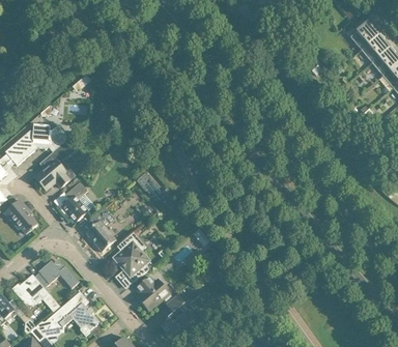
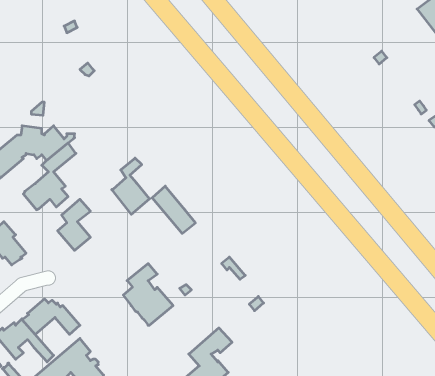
building: [86,206,116,251] -> [112,158,150,214]
building: [136,274,170,310] -> none

